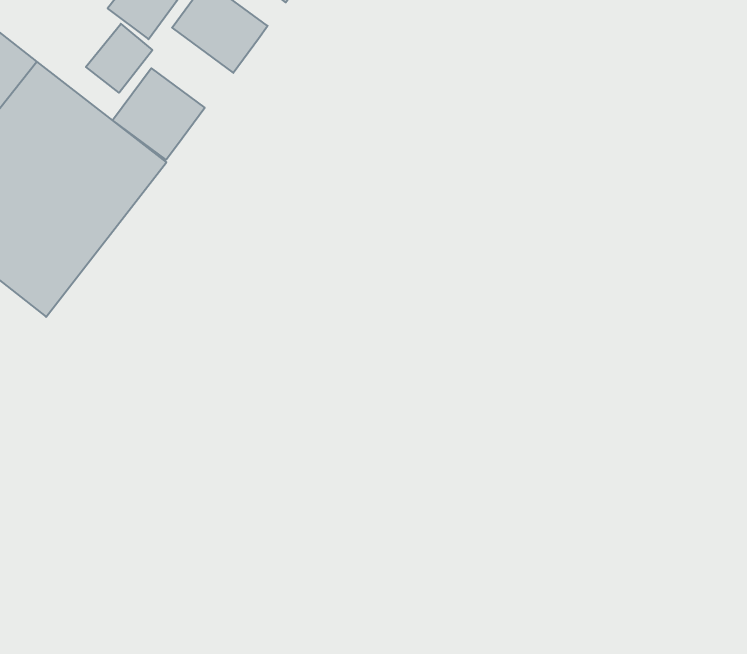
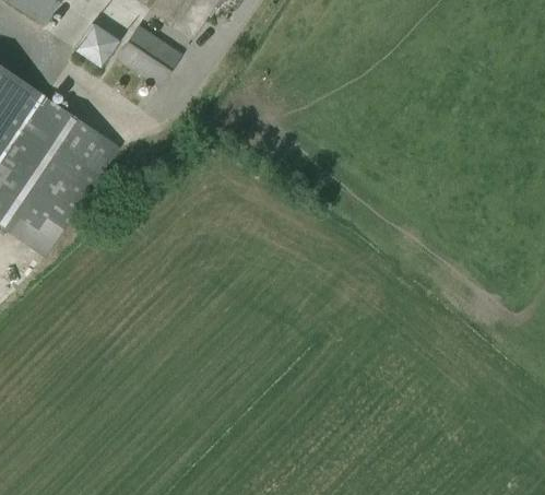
building: [86,24,152,93] -> none
building: [112,68,205,160] -> none

